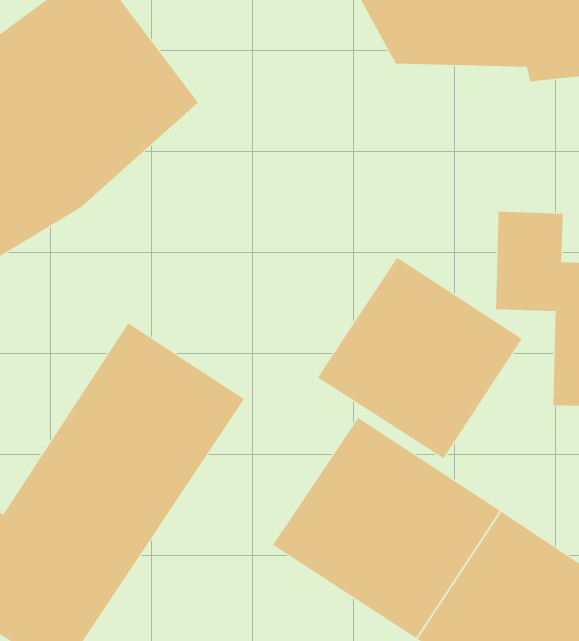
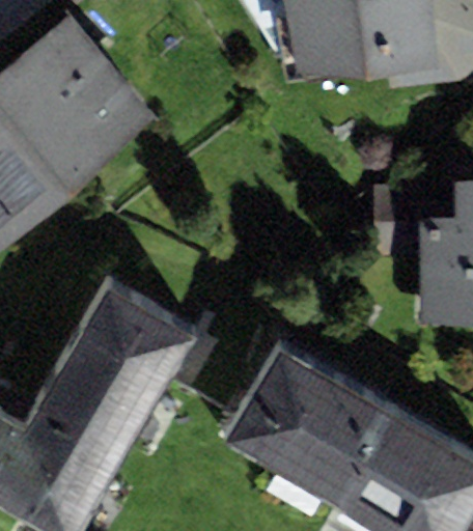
building: [317,257,522,459] -> none

